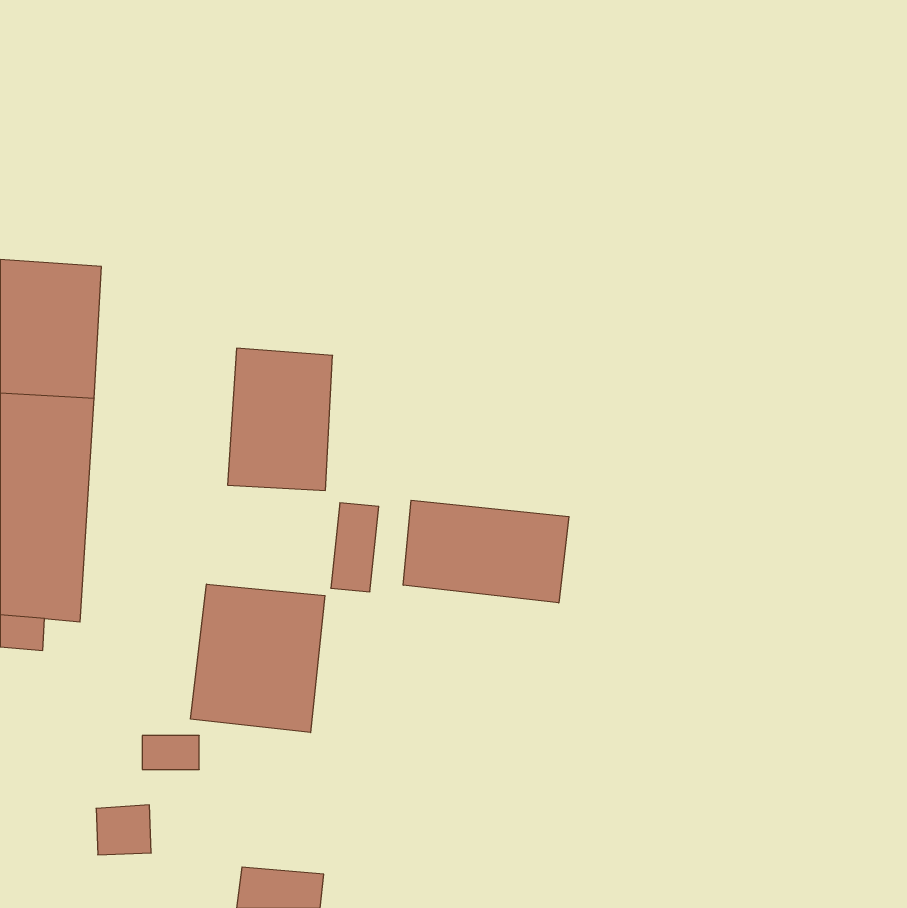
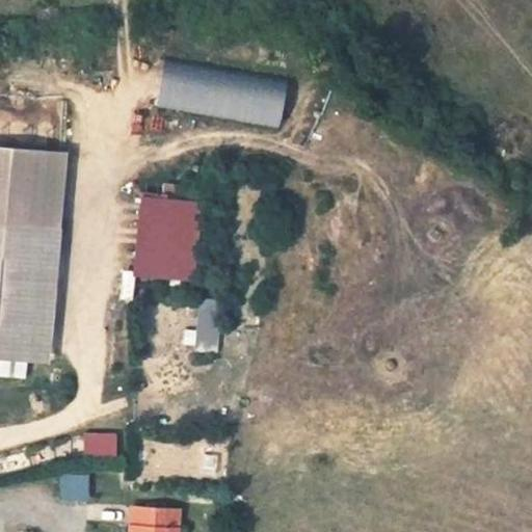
building: none -> [156,60,287,125]
building: [403,500,569,603] -> none
building: [191,584,325,733] -> none

